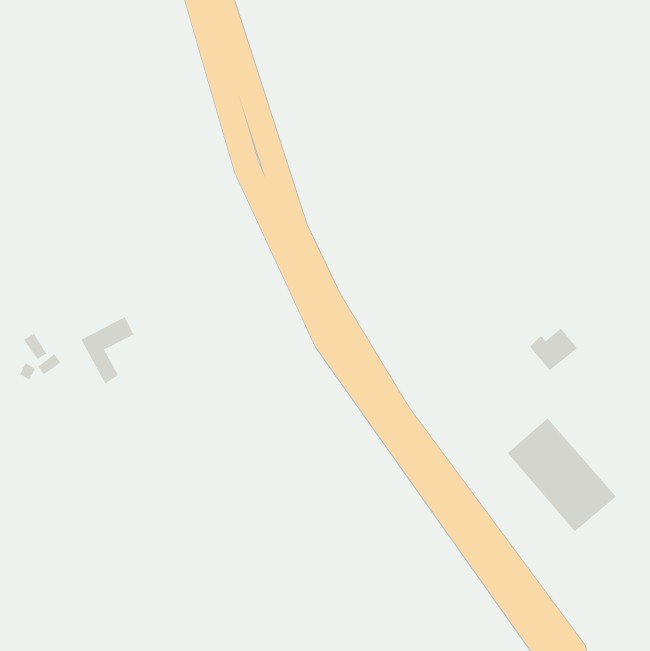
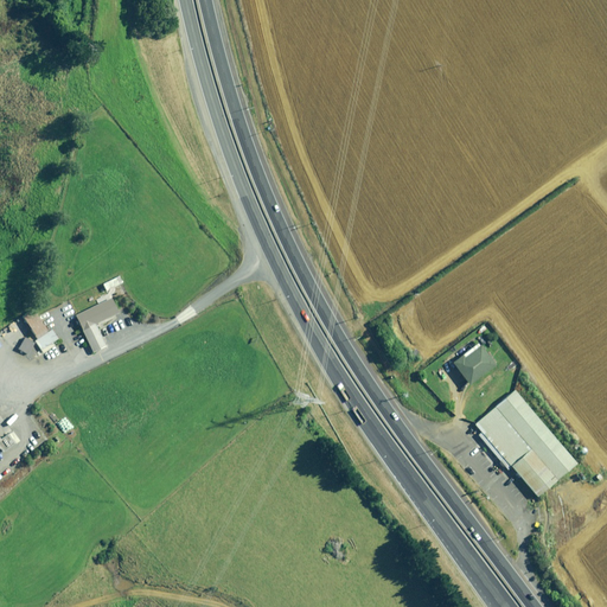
building: [529,328,578,371] -> [452,344,497,384]

